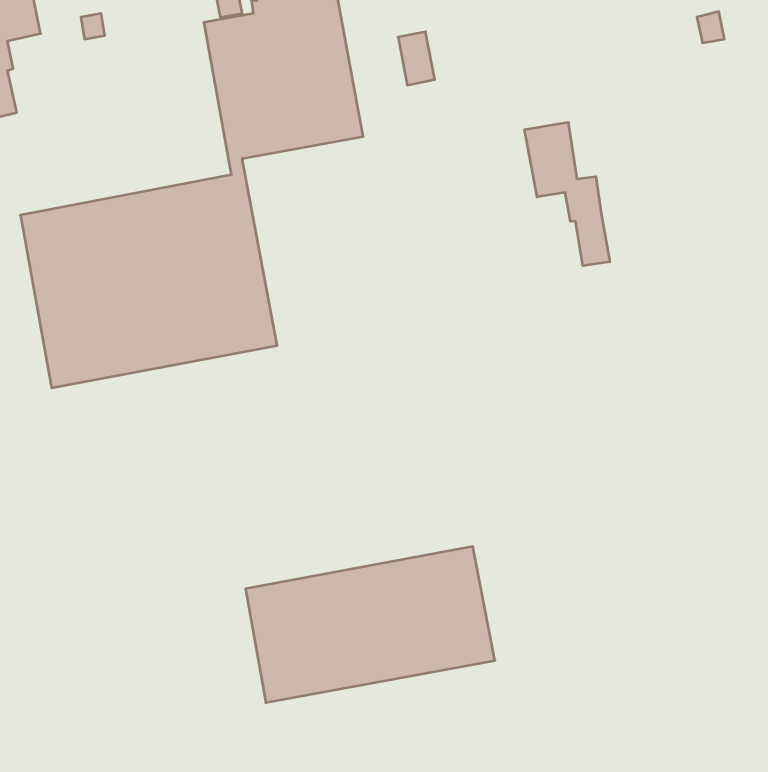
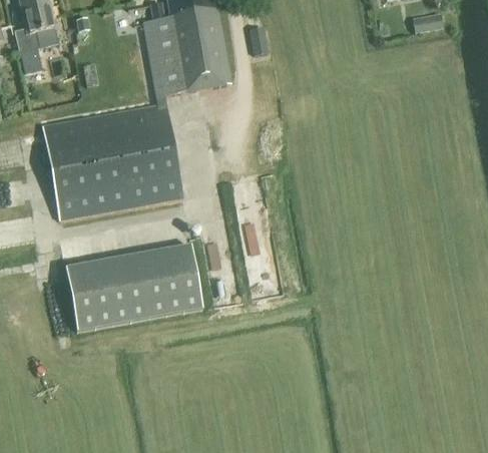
building: [525,122,610,266] -> none
building: [246,547,495,703] -> [67,244,203,329]

